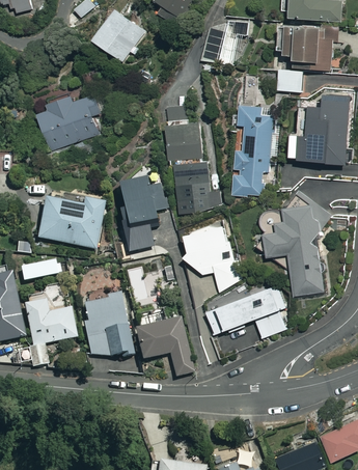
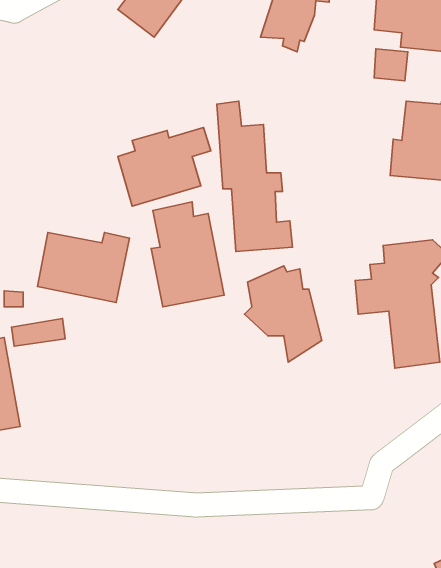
building: [38,91,105,147] -> [118,127,211,206]
building: [232,105,274,194] -> none
building: [208,285,287,337] -> none
building: [83,295,133,355] -> none
building: [25,299,76,365] -> none
building: [134,311,192,375] -> none

